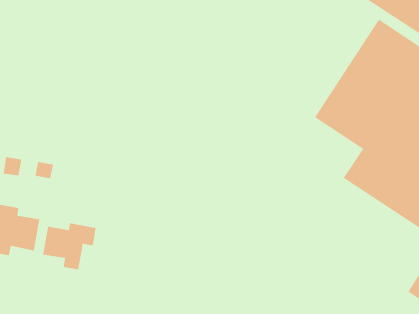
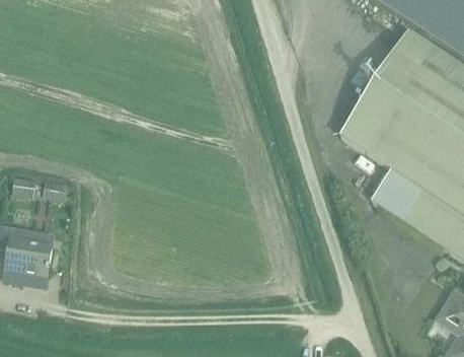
building: [43,223,96,270] -> none

